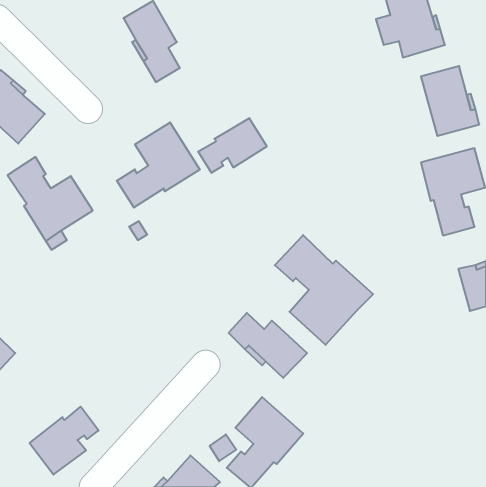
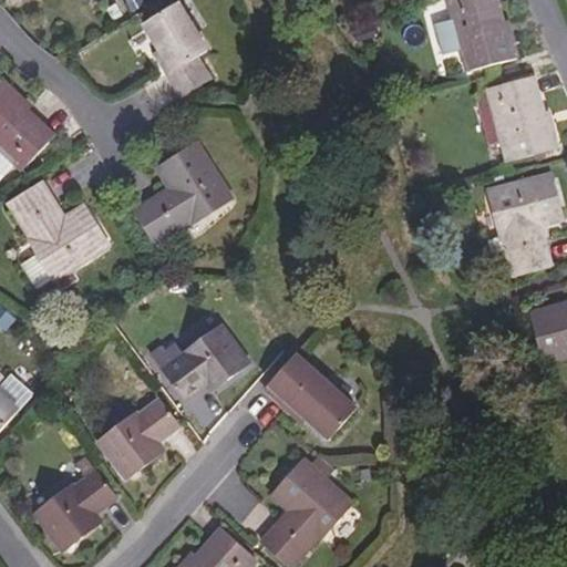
building: [198,118,267,173] -> none
building: [275,235,373,345] -> none
building: none -> [153,323,247,396]
building: none -> [96,399,177,478]

